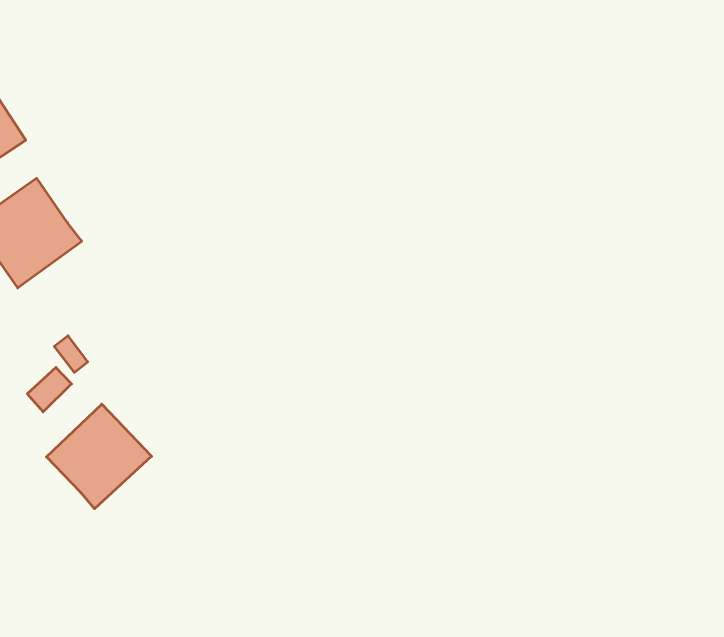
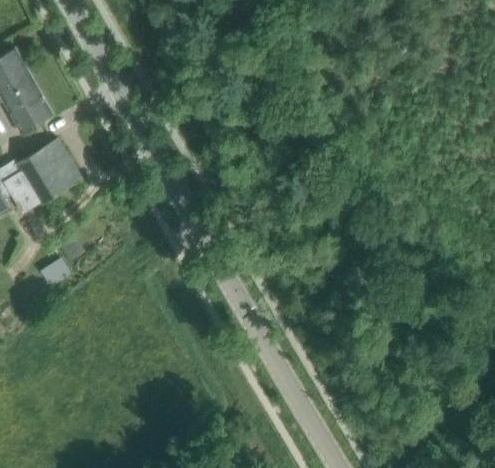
building: [46,404,152,509] -> none

